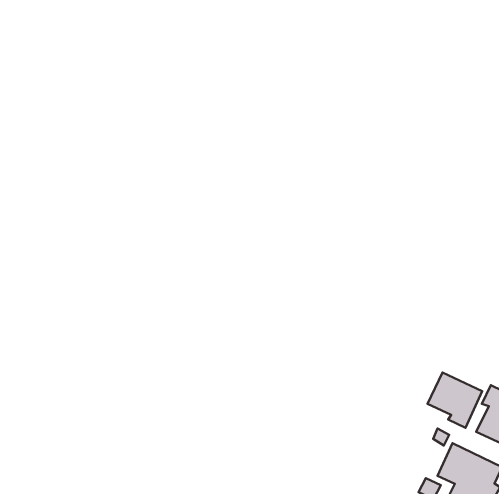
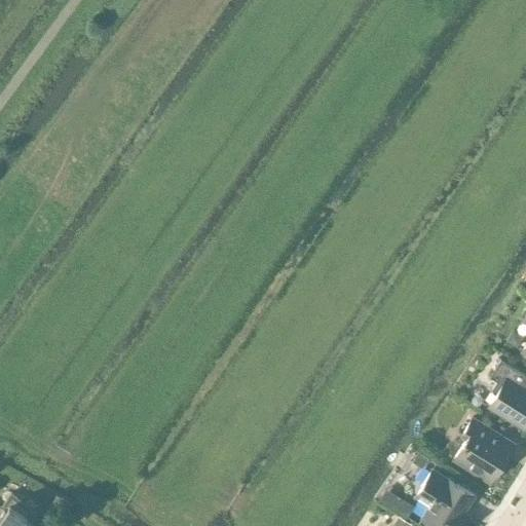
building: [427,373,482,428] -> none

